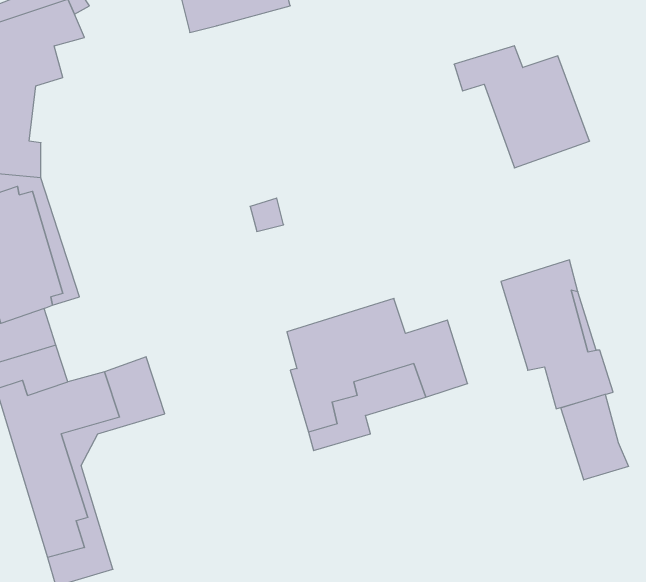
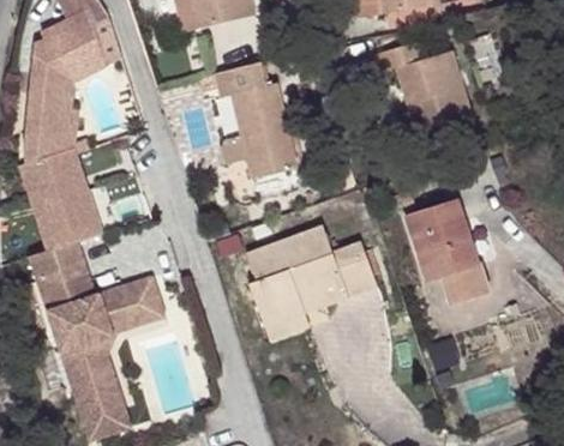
building: none -> [66,40,118,140]
building: none -> [210,64,299,181]
building: [561,394,628,480] -> none

